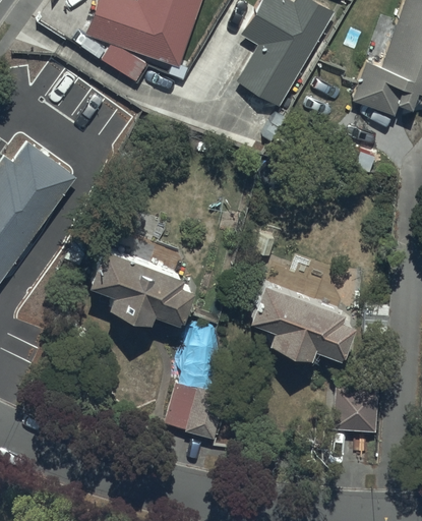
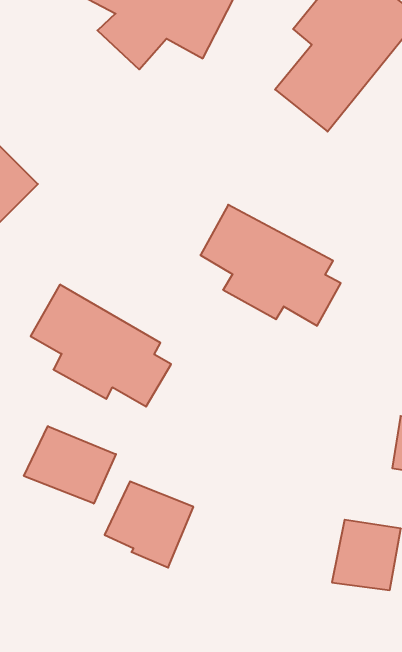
building: [248,283,353,360] -> [200,205,341,326]
building: none -> [24,426,116,504]

